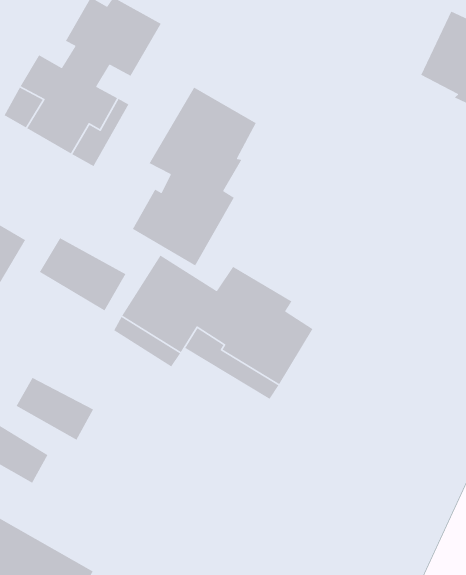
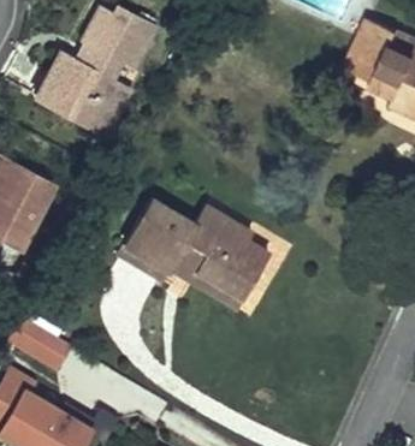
building: [132,87,257,267] -> none
building: [39,237,127,311] -> none
building: [15,377,94,441] -> none

